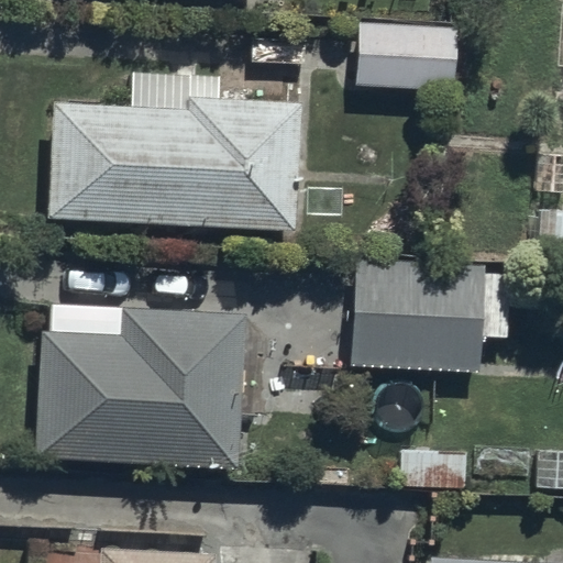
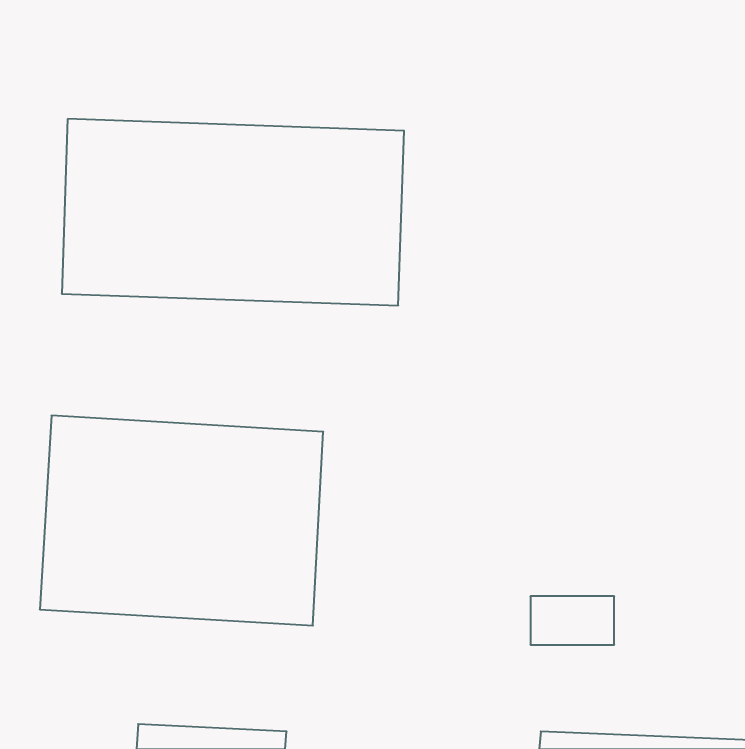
building: [358,18,457,86] -> none
building: [351,257,509,371] -> none

